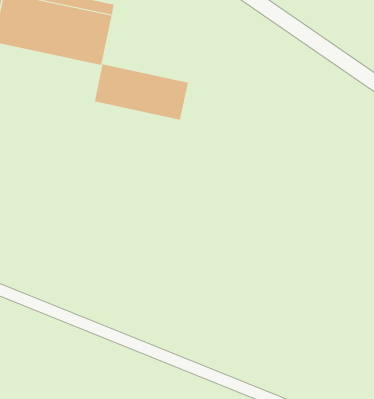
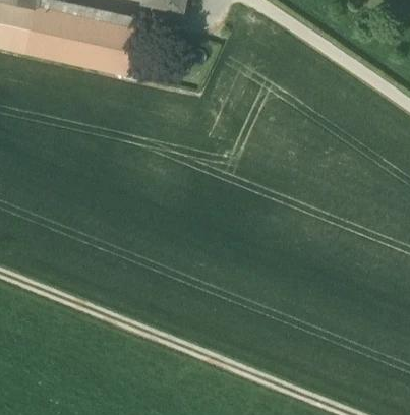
building: [94,64,189,120] -> none

